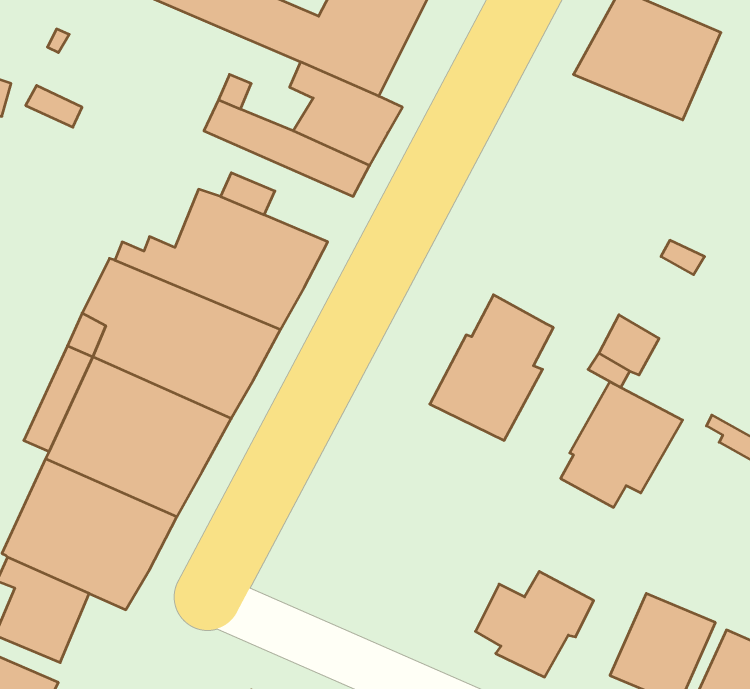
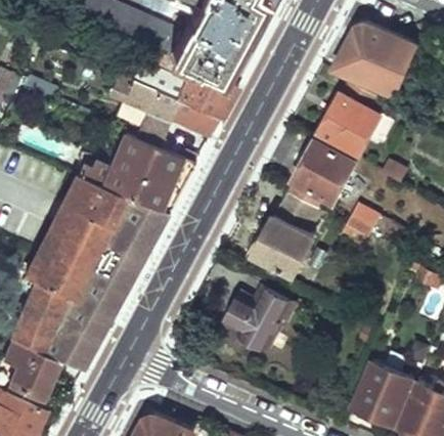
building: none -> [317,80,381,156]
building: [561,382,683,507] -> [287,138,356,209]
building: [475,571,594,677] -> [226,288,293,347]

